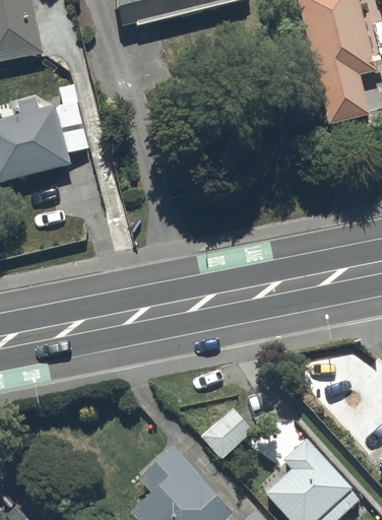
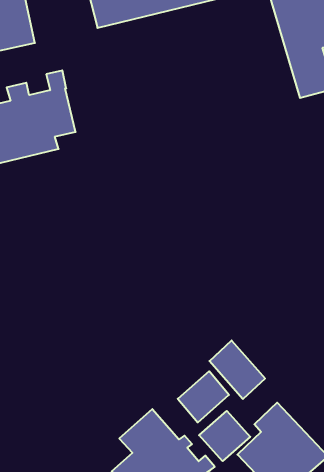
building: none -> [209,340,265,399]
building: none -> [199,411,250,461]

